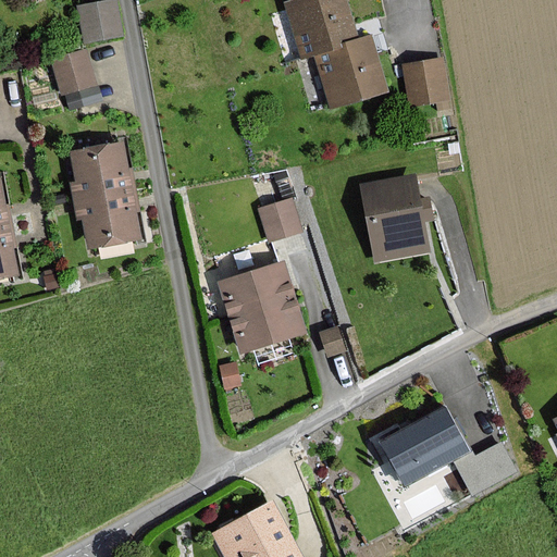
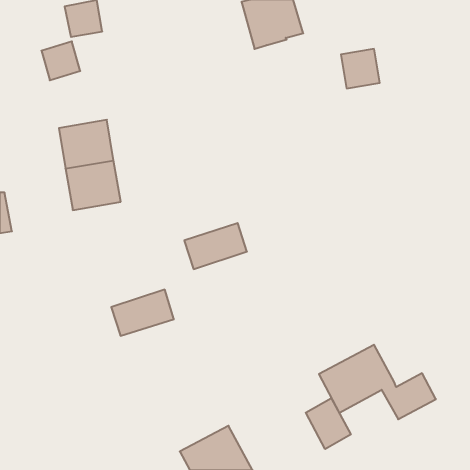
building: [314,35,387,107] -> none
building: [366,177,432,261] -> none
building: [258,197,304,242] -> none
building: [228,297,302,351] -> [111,290,174,336]
building: none -> [306,398,351,449]

